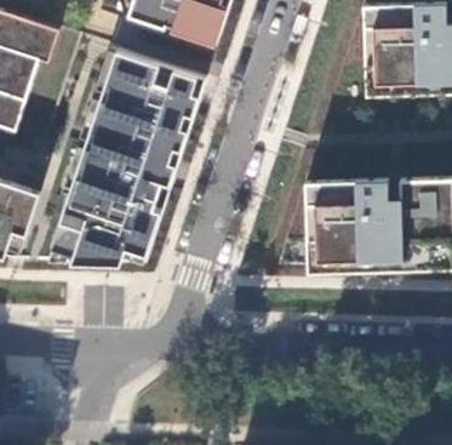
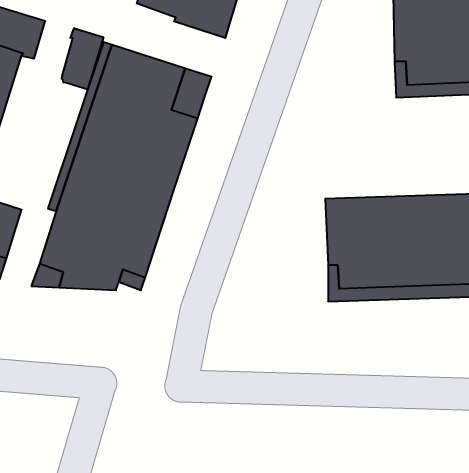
building: none -> [62,28,103,89]

